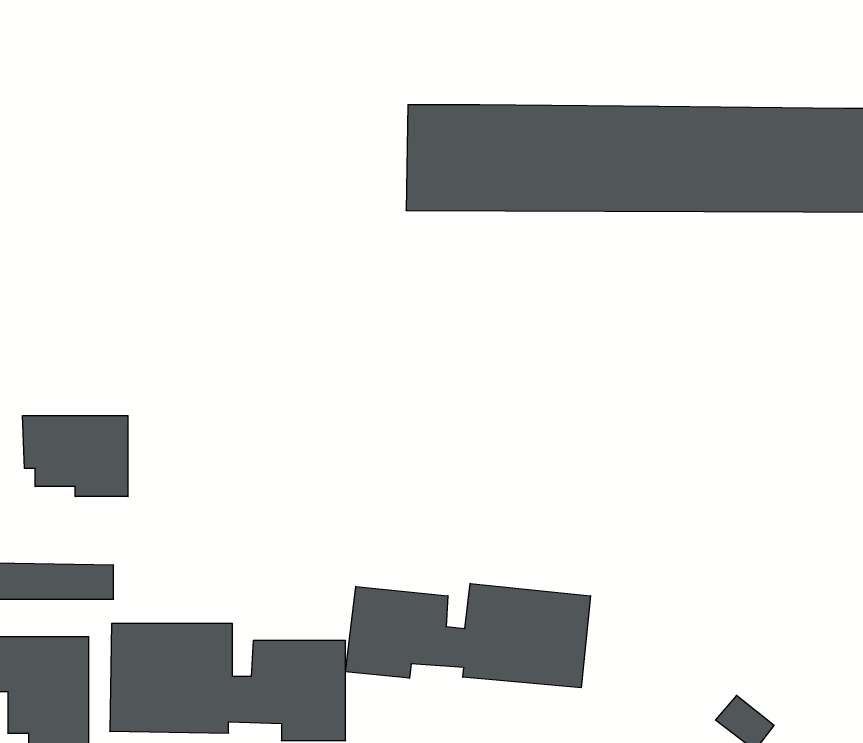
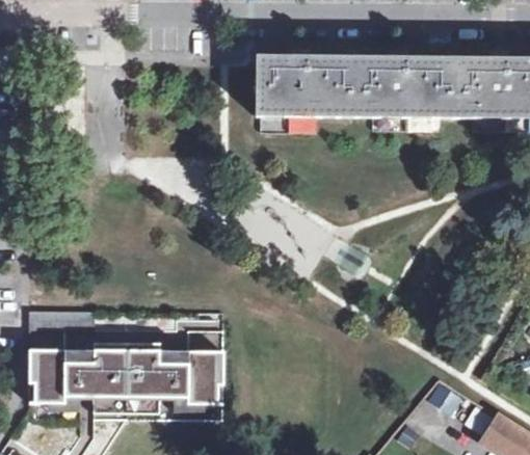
building: [23,416,128,497] -> none
building: [346,583,590,688] -> none

